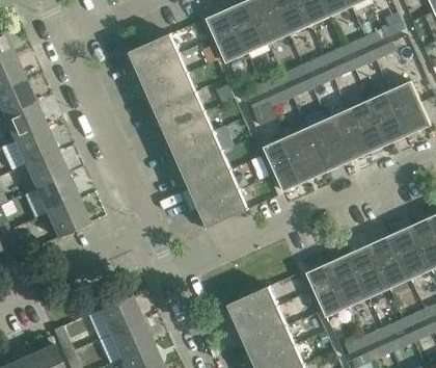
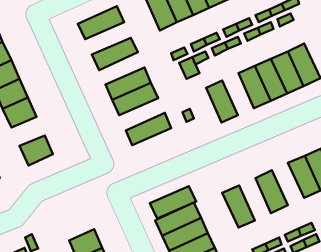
building: [131,53,189,95] -> none
building: [148,91,207,133] -> none
building: [306,119,347,173] -> none
building: [264,137,305,191] -> none
building: [174,151,233,192] -> none
building: [36,175,79,212] -> none
building: [191,189,250,231] -> [150,186,196,219]
building: [370,234,411,288] -> none
building: [328,254,369,308] -> none
building: [99,294,142,334] -> none

